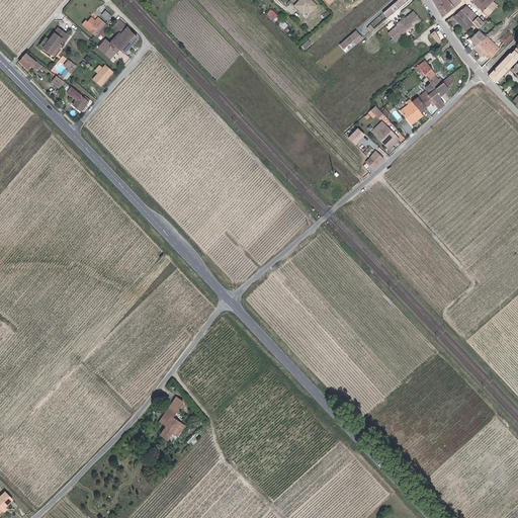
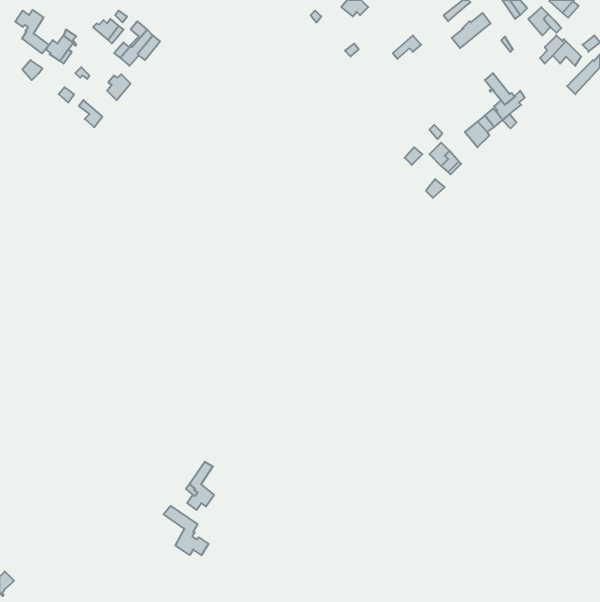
building: none -> [15,10,49,53]
building: none -> [164,506,209,555]

